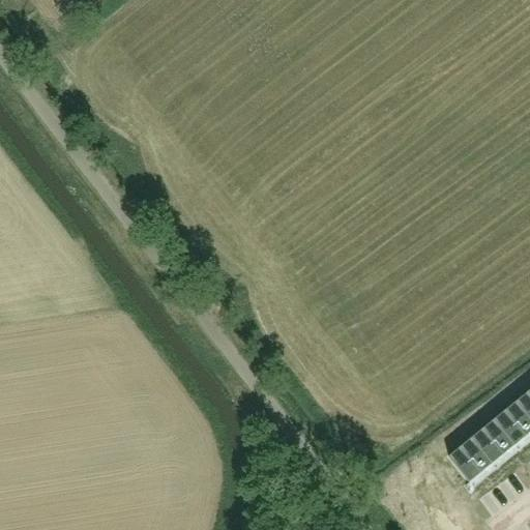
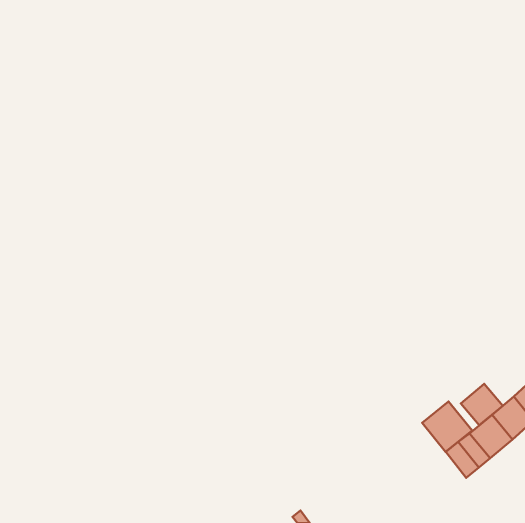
building: none -> [461,384,503,425]
building: none -> [422,402,472,452]

